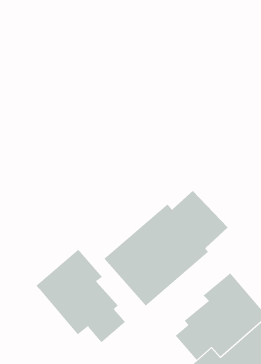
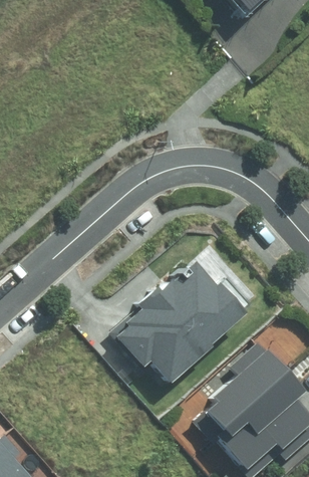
building: [36,249,126,343] -> none

